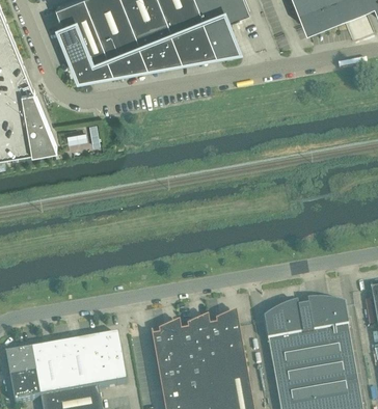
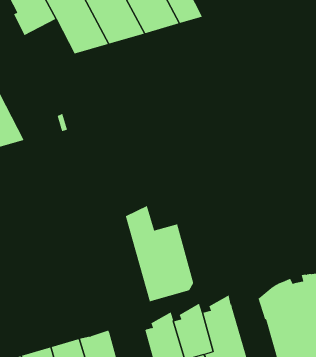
building: [66,34,112,76] -> none
building: none -> [125,205,194,302]

